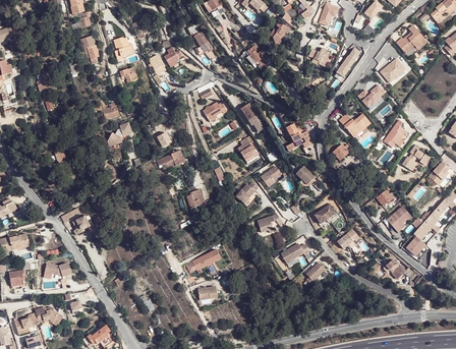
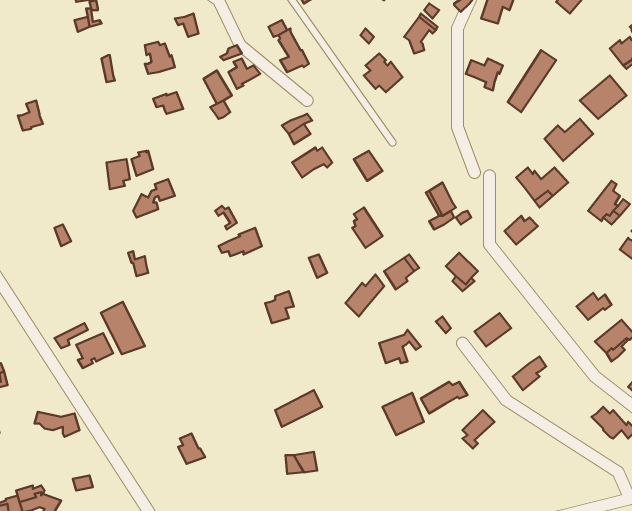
building: none -> [101,302,145,354]
building: none -> [383,393,424,435]

